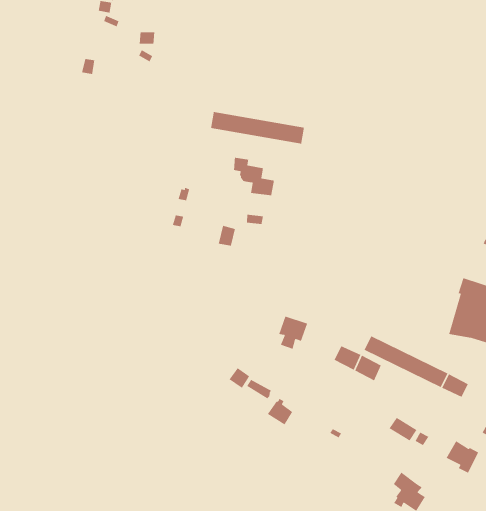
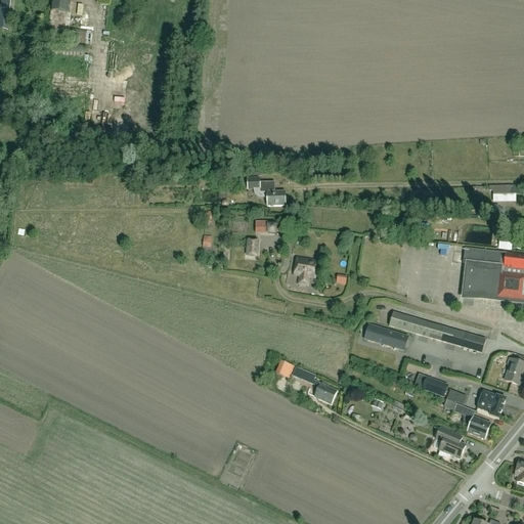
building: [210,111,305,144] -> none
building: [278,316,308,350] -> [294,256,318,285]
building: none -> [454,402,491,437]

